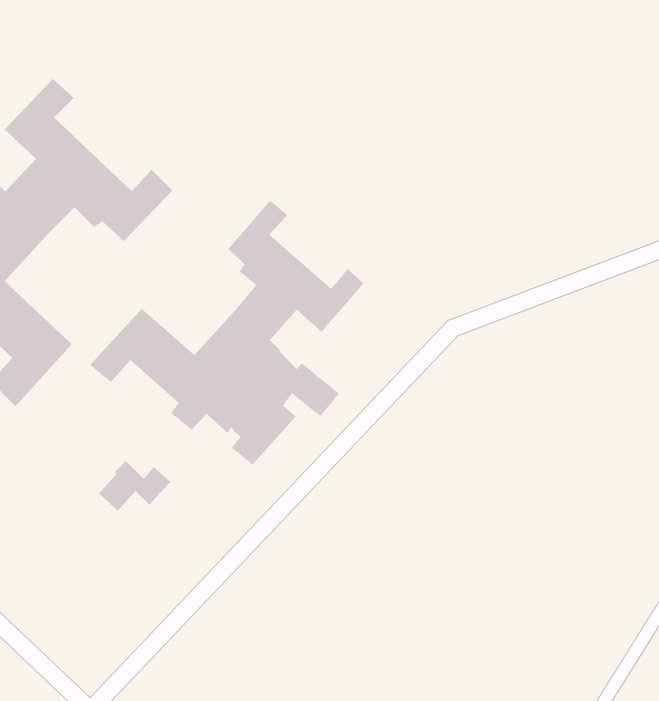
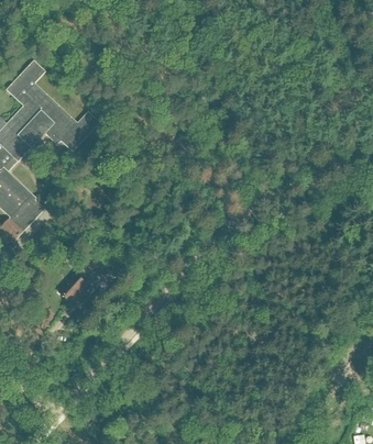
building: [89,200,364,466] -> none

